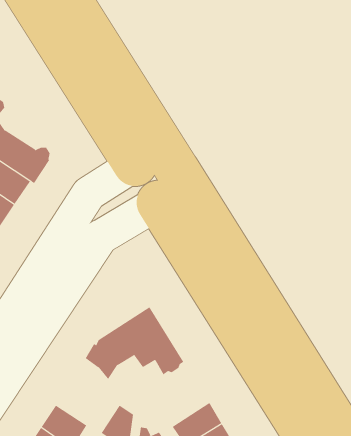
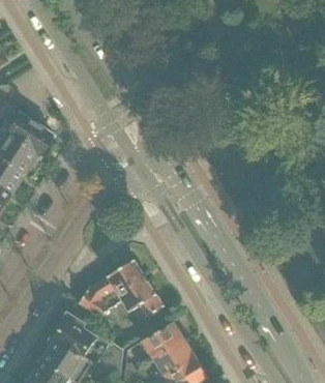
building: none -> [51,316,100,361]
building: none -> [141,323,185,362]

